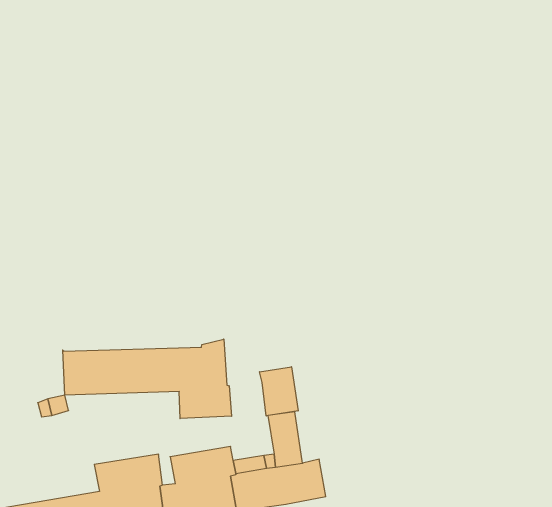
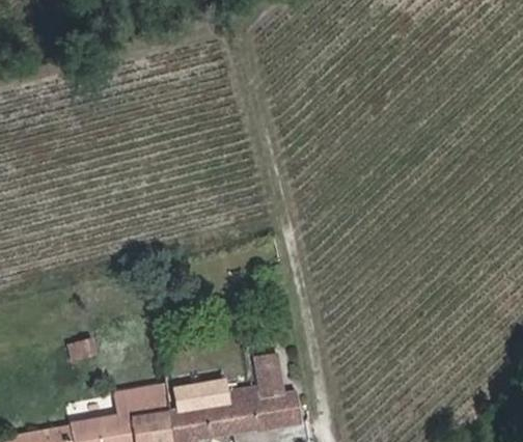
building: [63,339,232,419] -> none
building: [260,367,298,416] -> none

